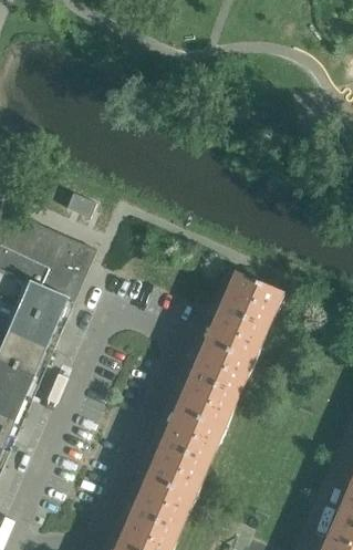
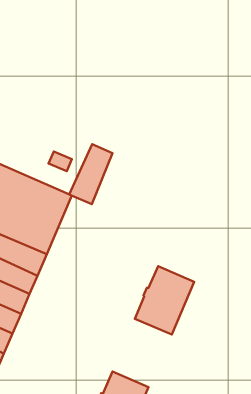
building: none -> [69,144,113,204]
building: [205,273,281,362] -> none
building: [146,409,222,497] -> none

